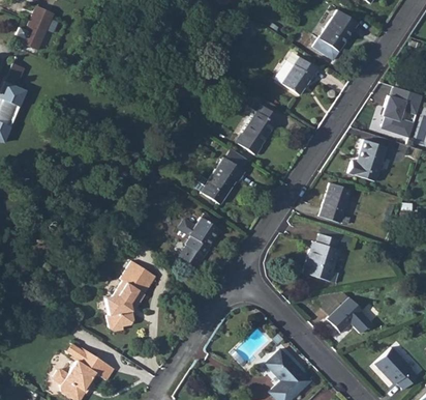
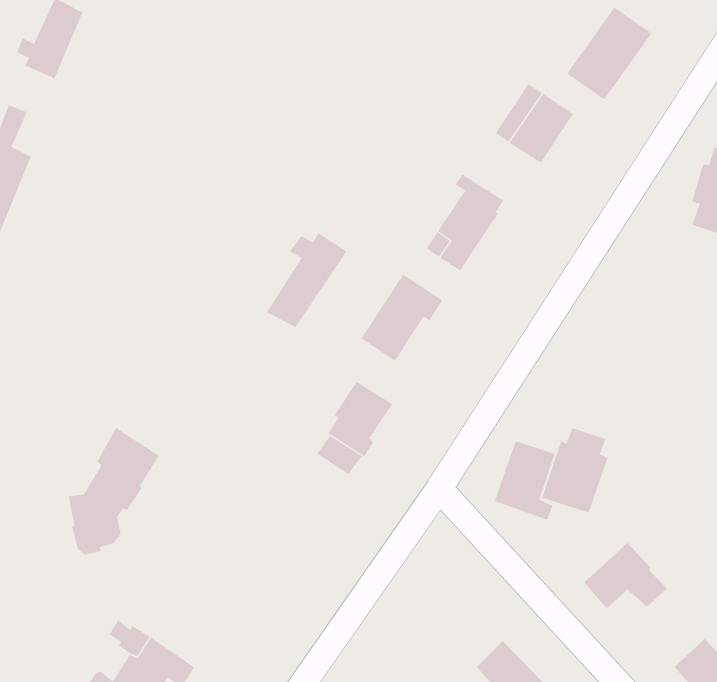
building: none -> [266,232,347,328]
building: [345,141,384,183] -> none
building: [314,184,347,228] -> [494,440,555,521]
building: [106,257,156,326] -> [68,427,160,555]

